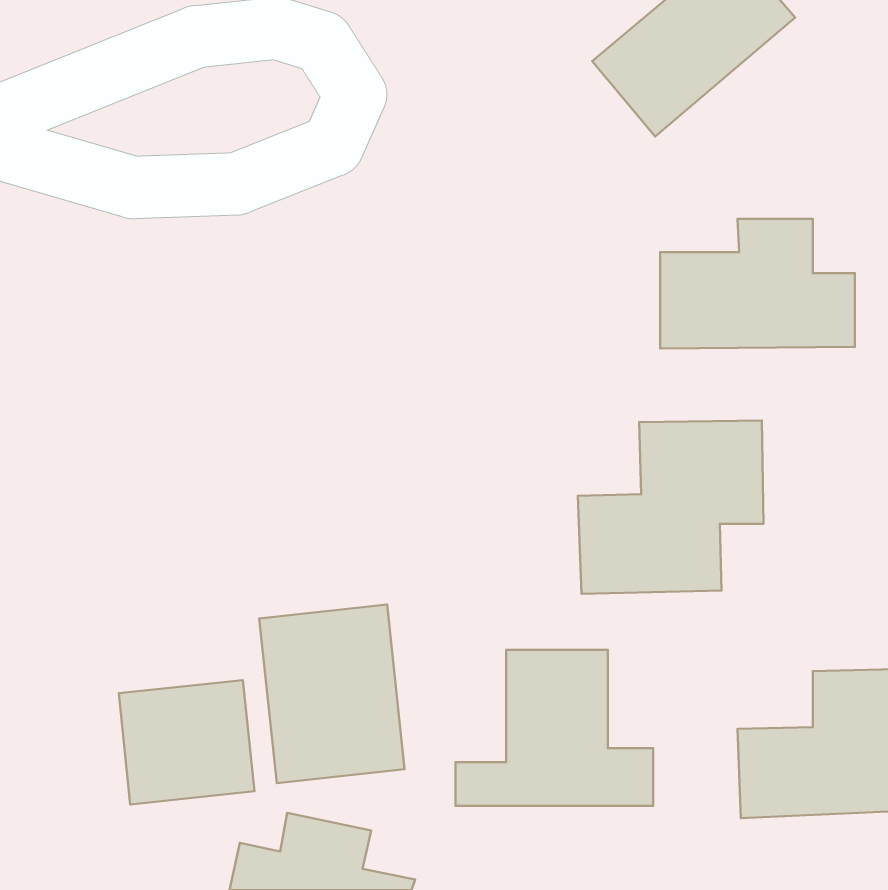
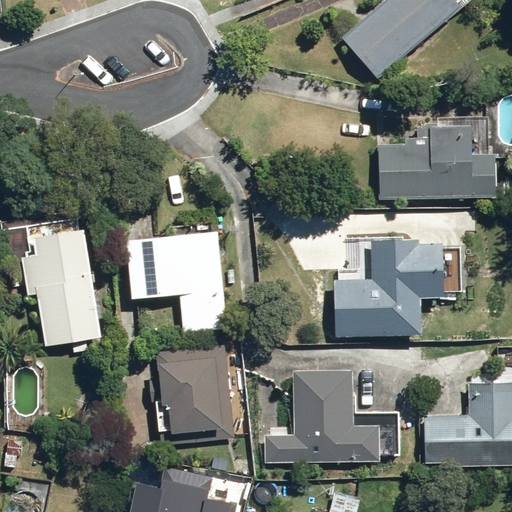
building: none -> [27,229,98,343]
building: none -> [124,232,230,335]
building: [119,680,254,804] -> none

